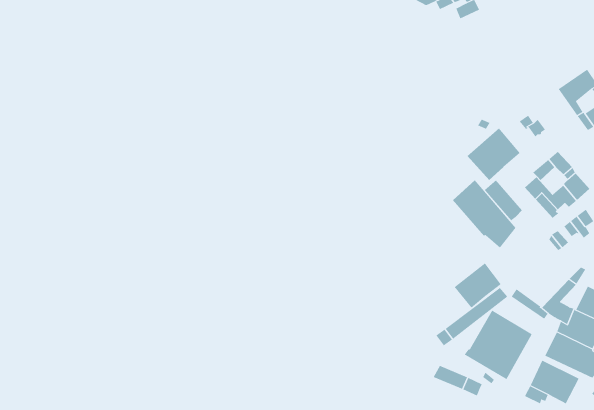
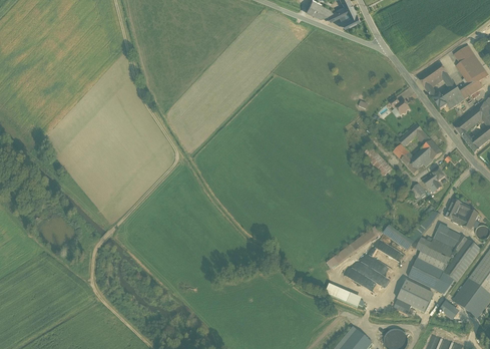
building: [467,127,520,181] -> none
building: [452,180,516,248] -> none
building: [454,262,502,309] -> none

